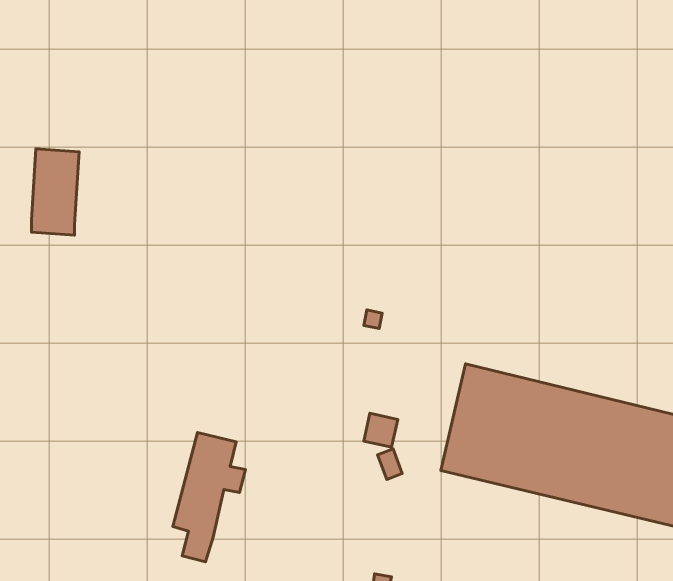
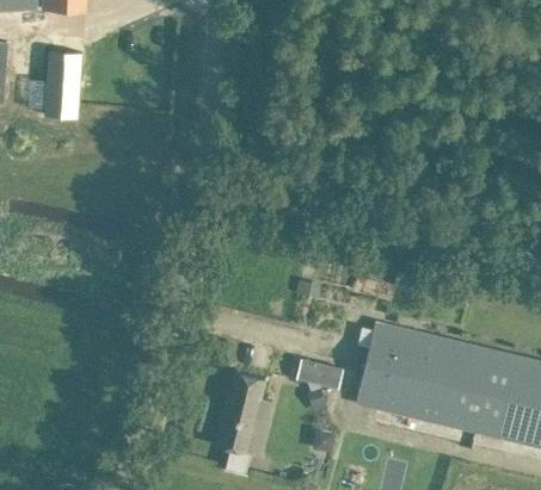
building: [31,149,79,235] -> [44,50,81,117]
building: [173,432,246,562] -> [216,372,272,472]

